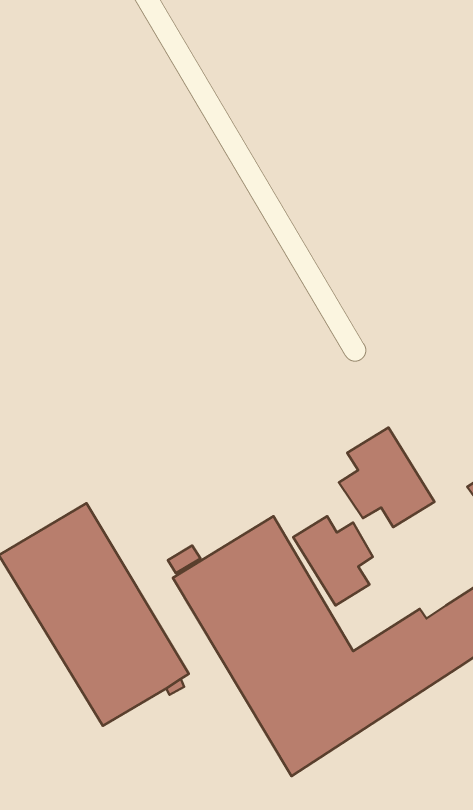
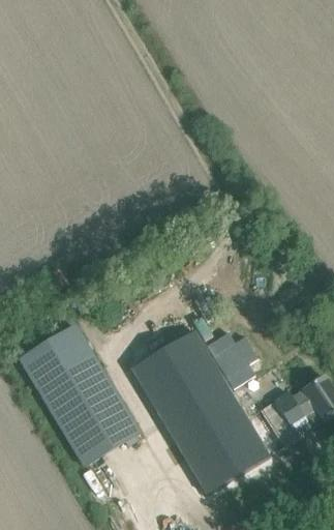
building: [339,427,434,527] -> none

